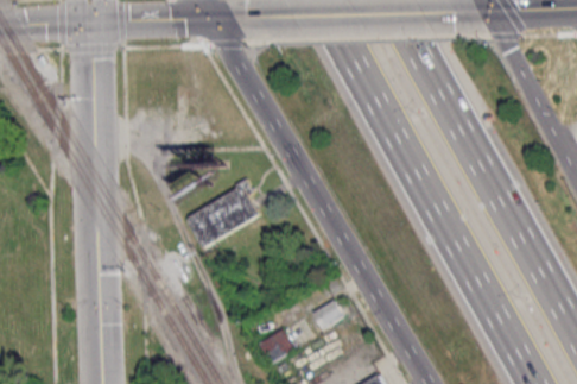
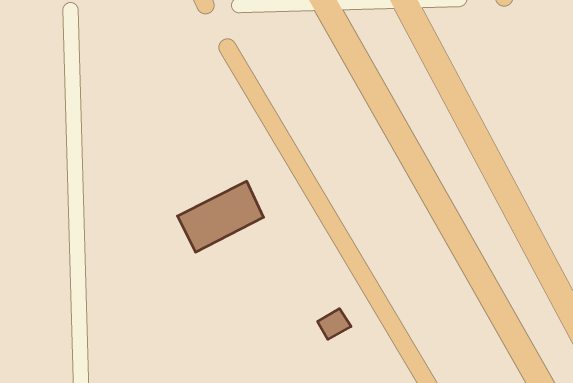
building: [259,329,293,361] -> none

